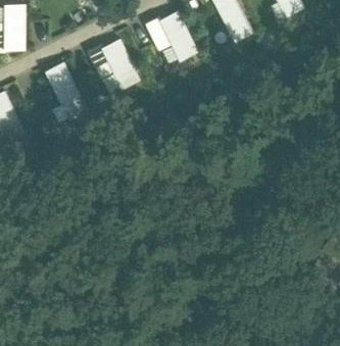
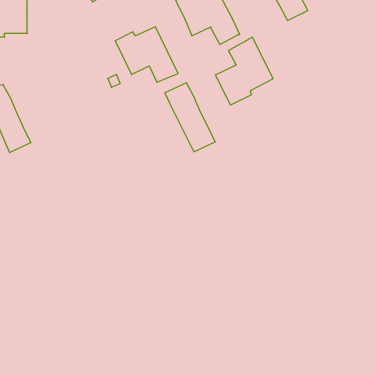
building: none -> [215,37,273,105]
building: [47,63,88,119] -> [165,83,215,152]

